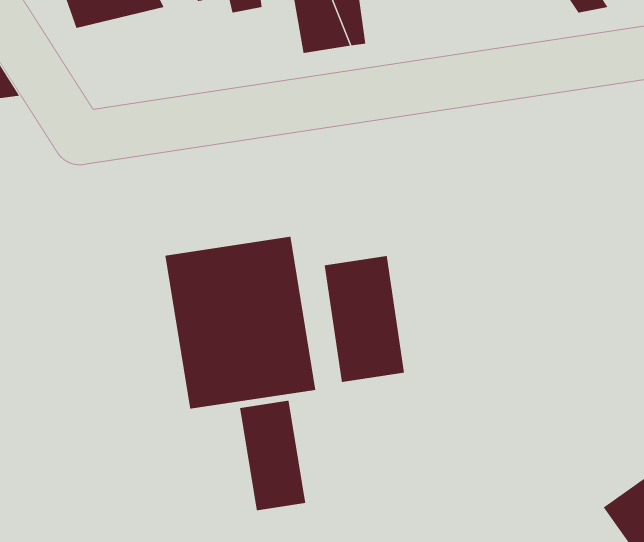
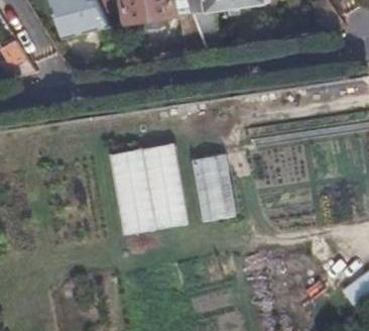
building: [240,400,306,511] -> none

